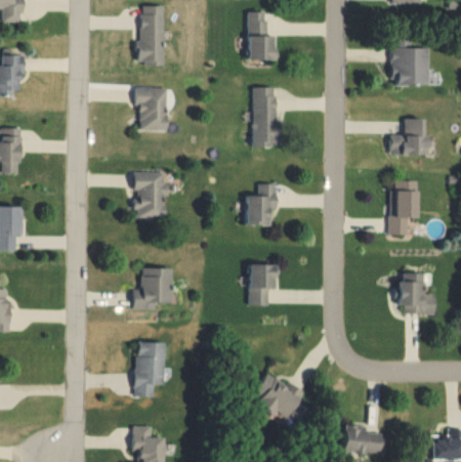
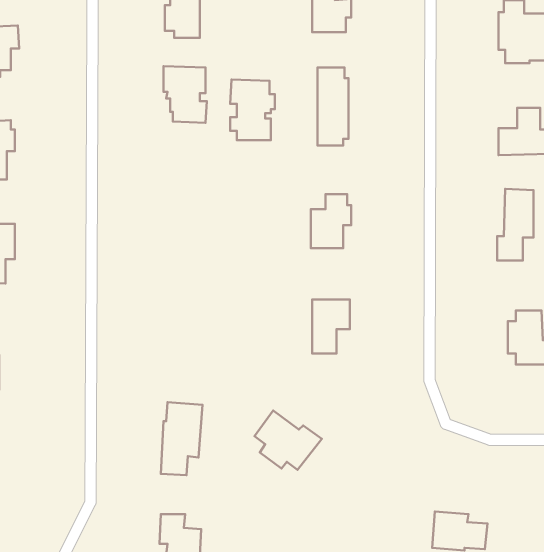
building: [133,172,167,218] -> [230,79,275,140]
building: [133,267,171,308] -> none
building: [250,373,301,418] -> [254,411,322,470]

